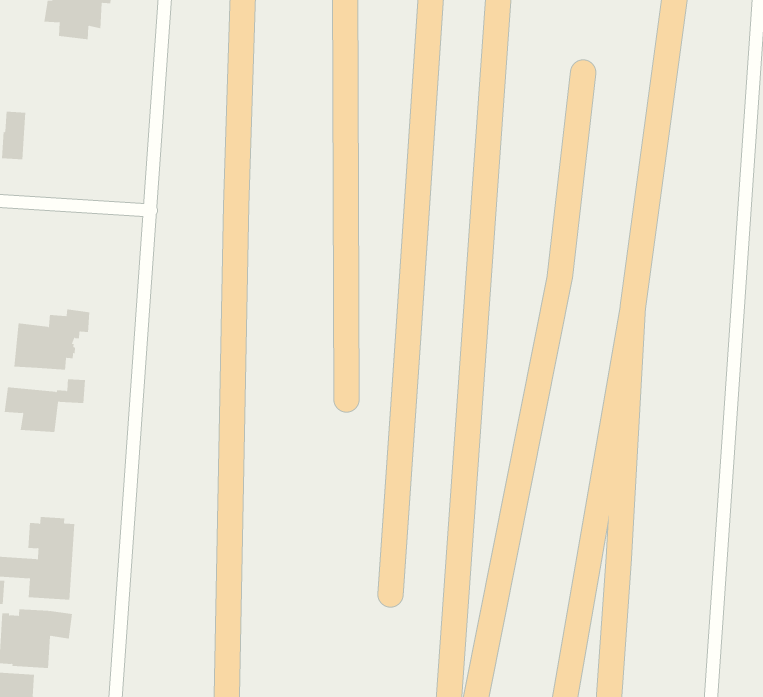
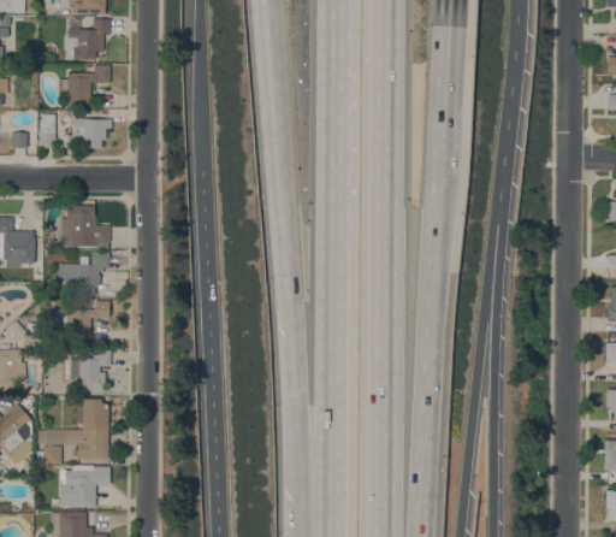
building: none -> [60,65,111,106]
building: none -> [72,118,112,149]
building: none -> [61,206,111,246]
building: none -> [69,350,111,391]

